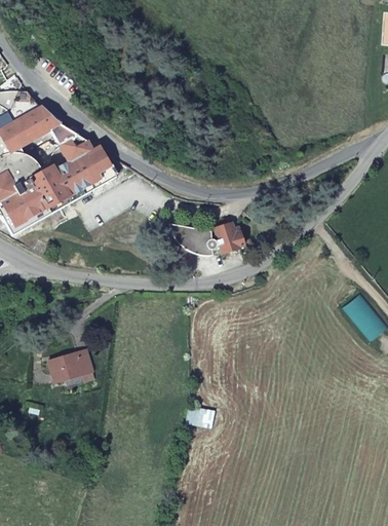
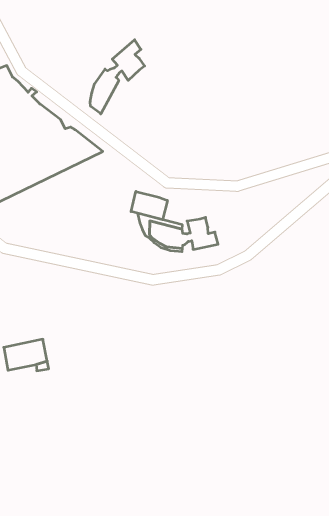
building: none -> [90,40,145,114]
building: none -> [131,191,167,220]

